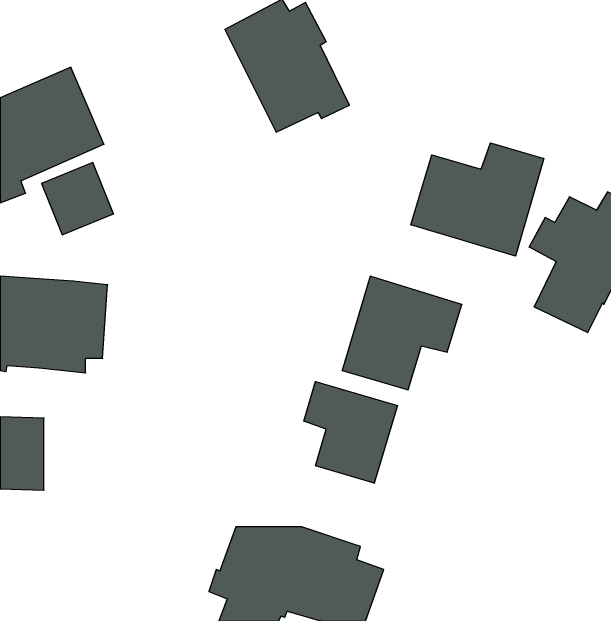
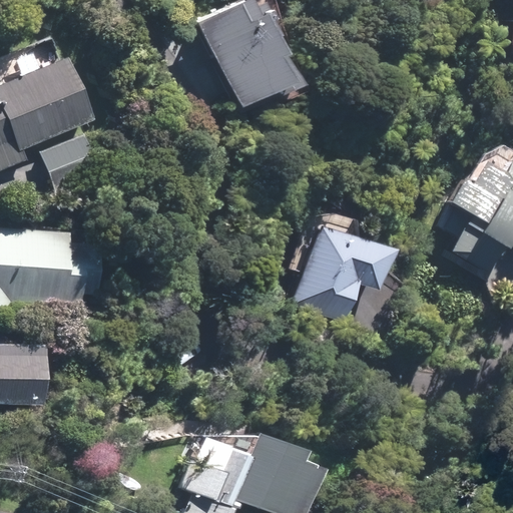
building: [411,143,544,256] -> none
building: [304,382,397,483] -> none

